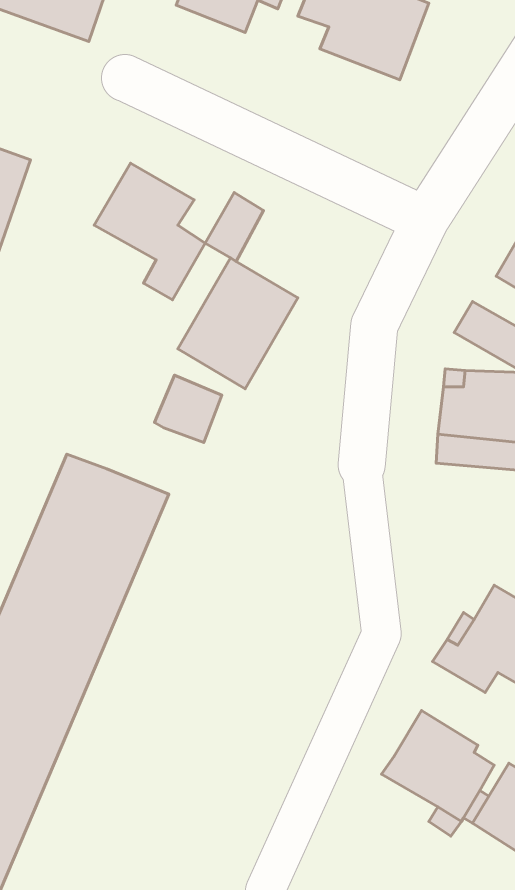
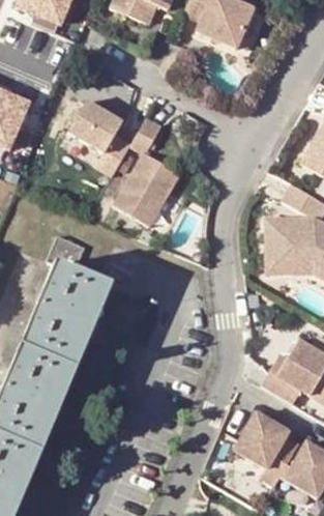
building: [155,375,222,443] -> [47,235,85,274]

